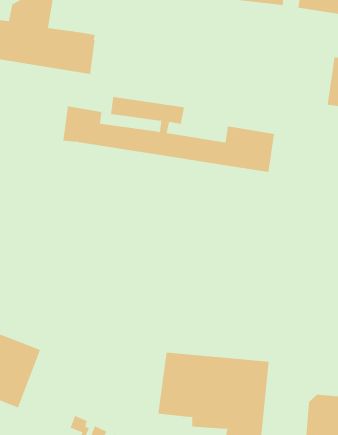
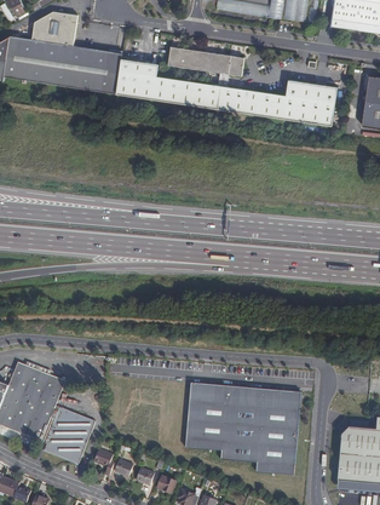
building: [62,97,275,172] -> [115,47,335,126]
building: none -> [39,404,94,463]

